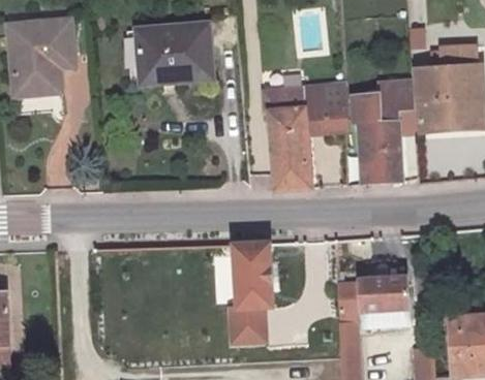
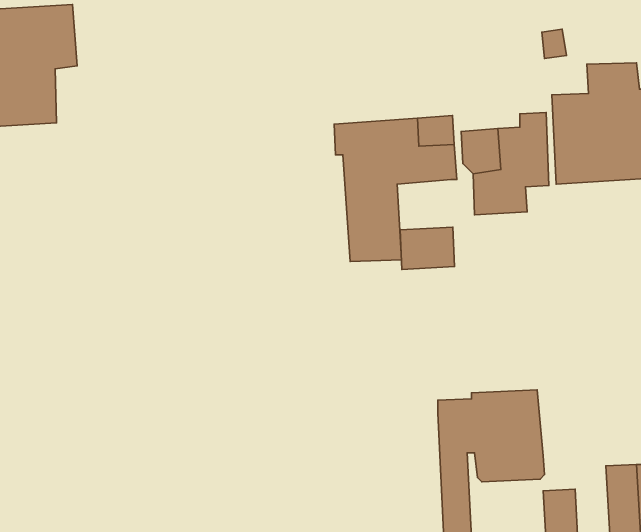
building: [138,22,213,80] -> none
building: [362,152,400,182] -> [400,227,454,269]
building: [229,240,271,331] -> none

